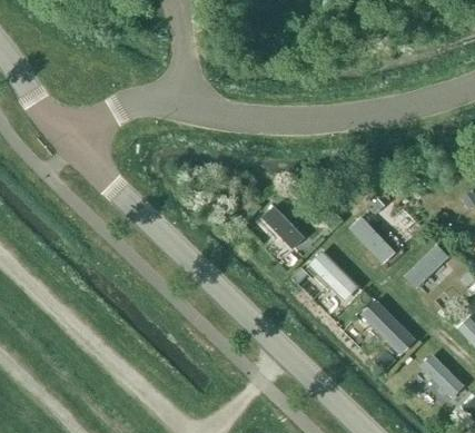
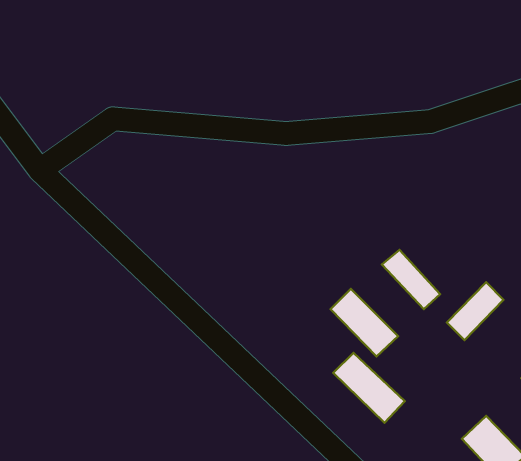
building: [261,204,305,252] -> none
building: [358,298,417,356] -> [333,353,405,423]

